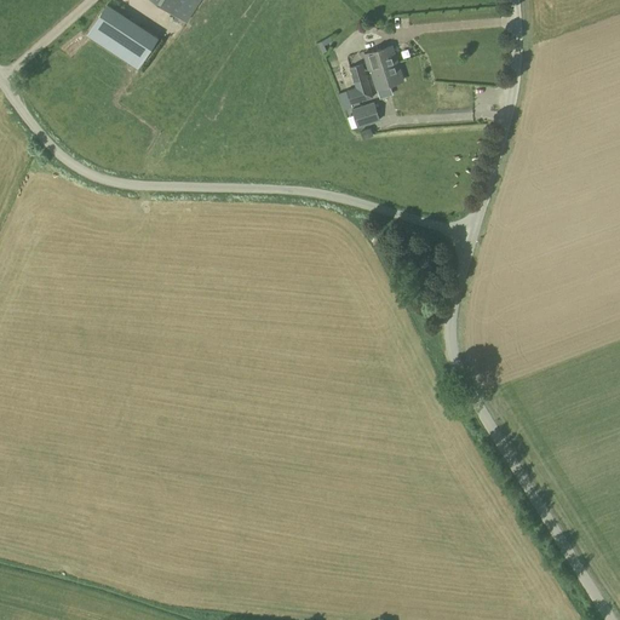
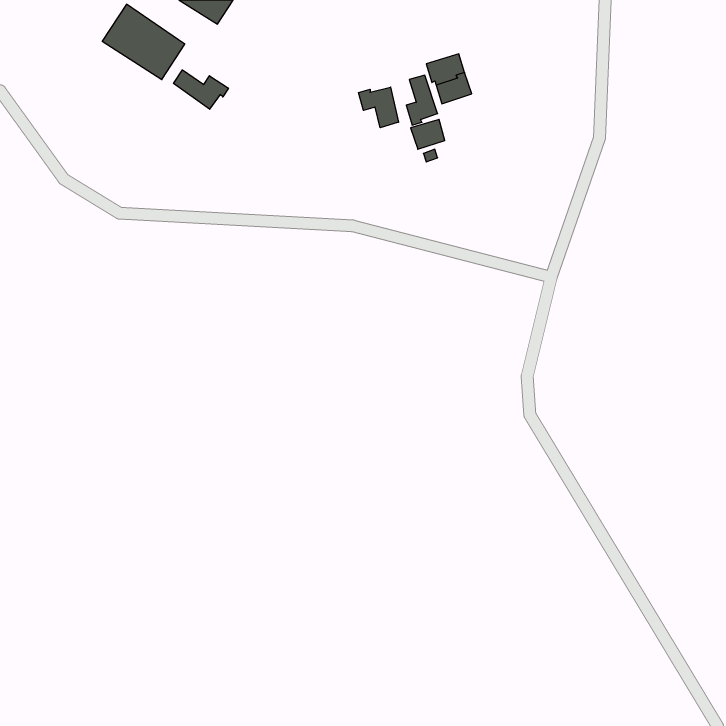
building: none -> [174,70,228,109]
building: none -> [358,87,399,128]

